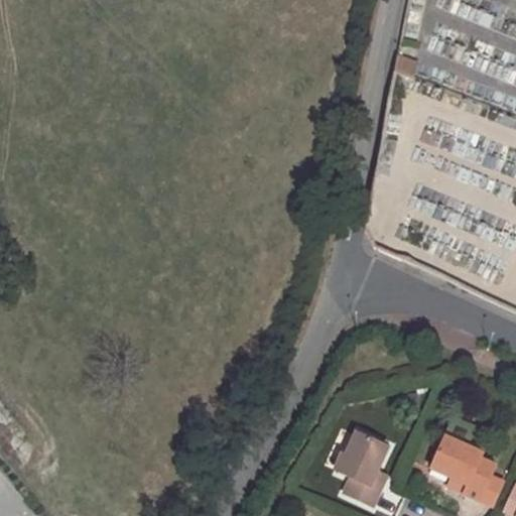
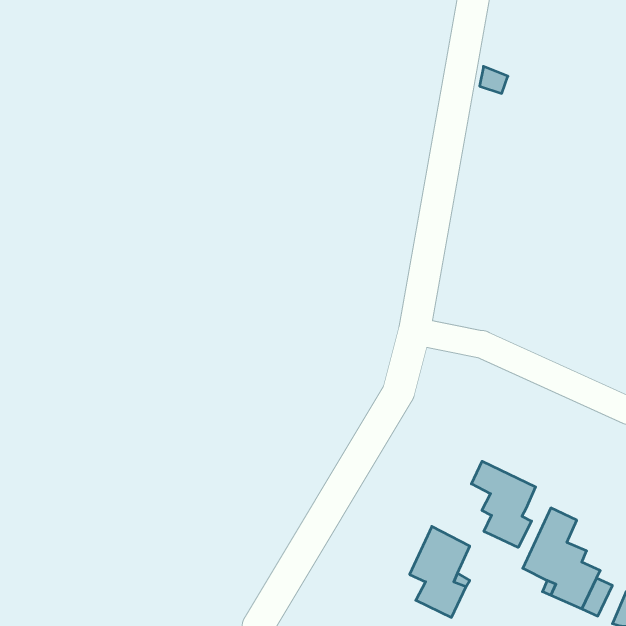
building: none -> [471,461,536,547]

